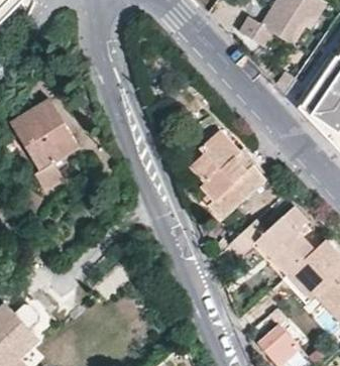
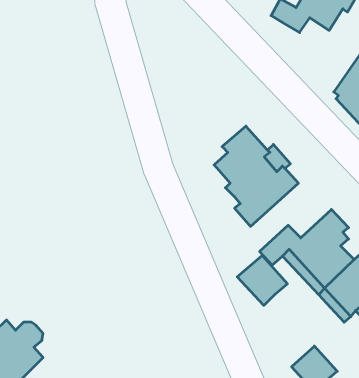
building: [10,97,79,191] -> none
building: none -> [237,255,287,305]

